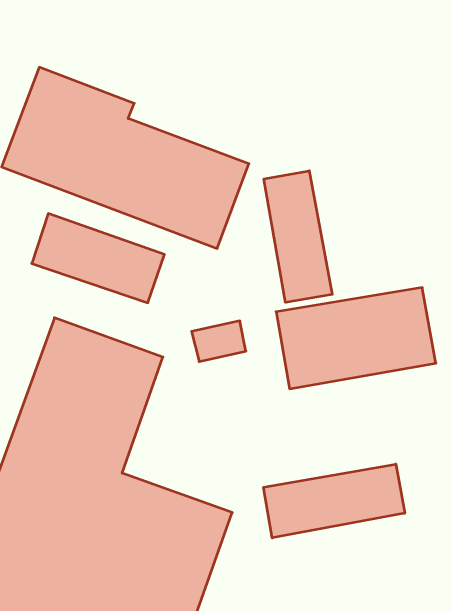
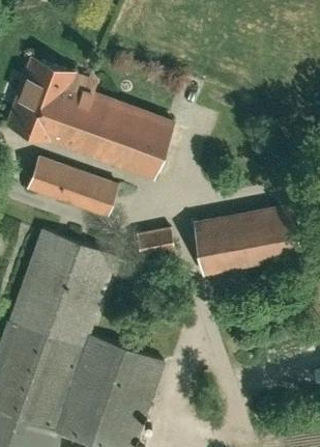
building: [264,171,332,302] -> none
building: [264,464,405,538] -> none

